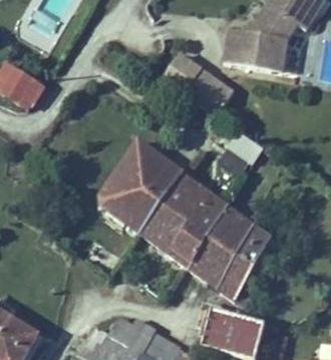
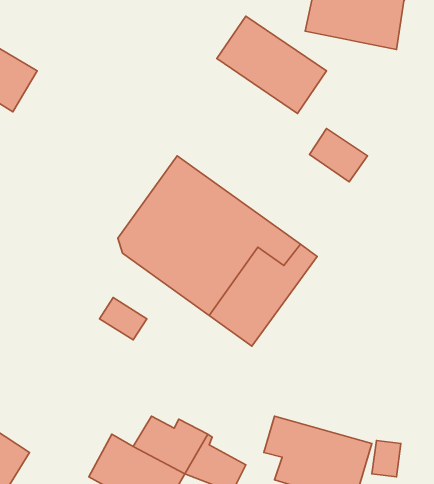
building: [187,207,271,301] -> none

